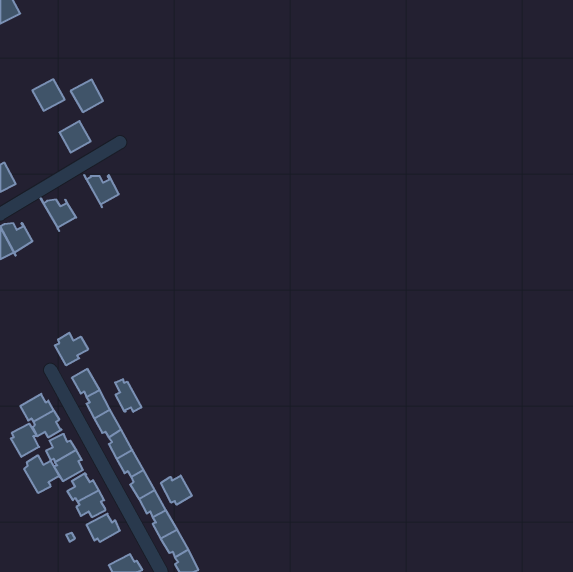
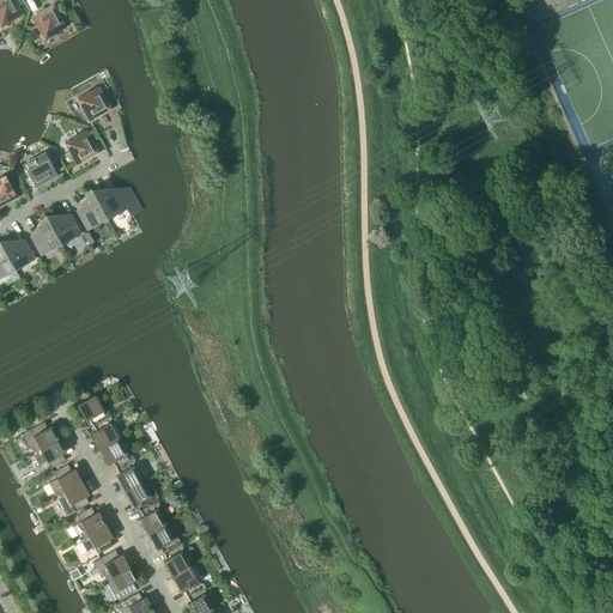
building: none -> [31,5,66,38]
building: [32,79,65,111] -> [23,152,57,186]
building: none -> [77,187,109,229]
building: none -> [30,212,63,255]
building: [55,333,88,365] -> none
building: [115,379,141,412] -> none
building: [11,424,39,457] -> none
building: [24,455,60,493] -> none
building: [161,475,192,505] -> none
building: none -> [105,566,136,600]

